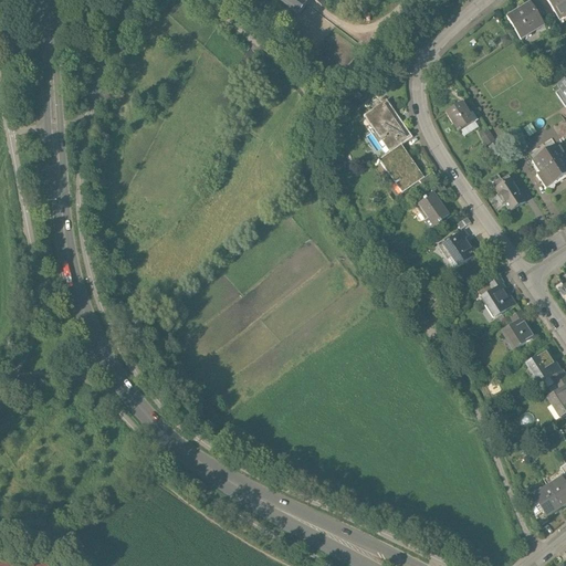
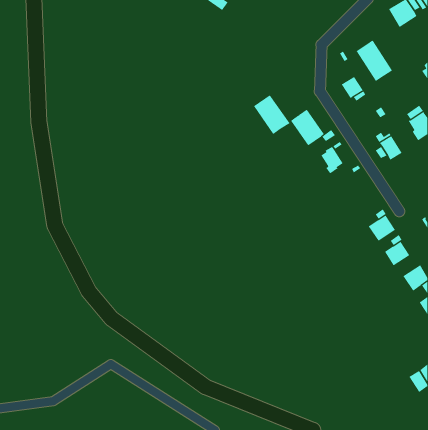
building: none -> [356,40,393,82]
building: [365,97,413,150] -> [253,94,290,135]
building: [440,228,478,264] -> none

